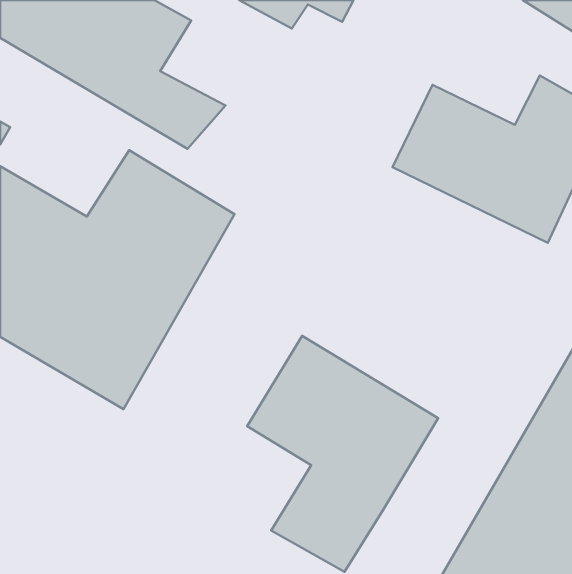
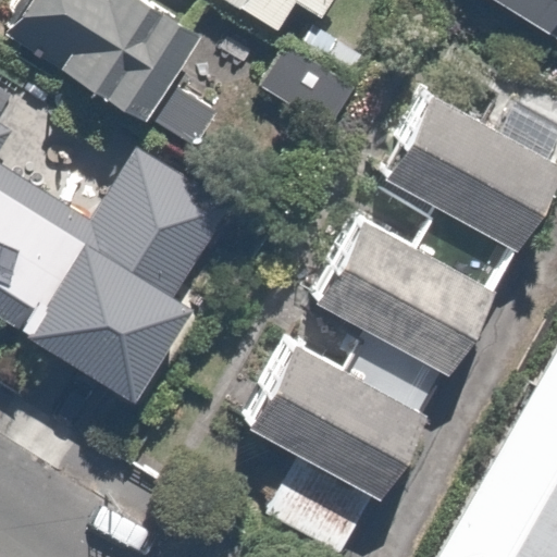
building: none -> [318,208,499,371]

